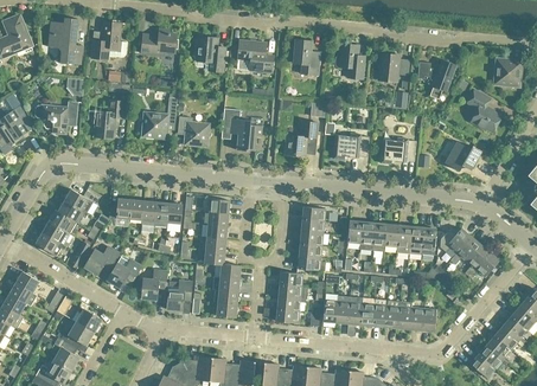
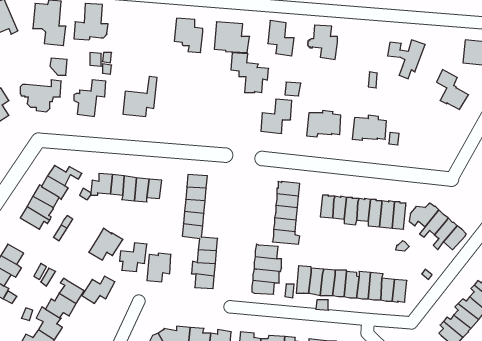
building: [141,28,177,54] -> none
building: [379,53,409,79] -> none
building: [223,109,262,150] -> [231,53,269,93]
building: [178,116,210,147] -> none
building: [446,141,485,171] -> none
building: [84,246,119,275] -> [82,276,115,303]

